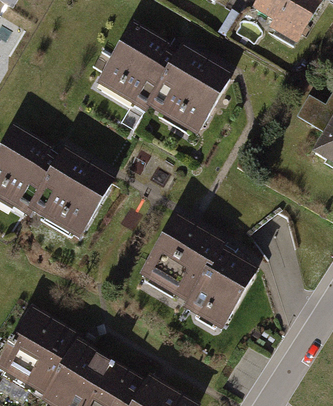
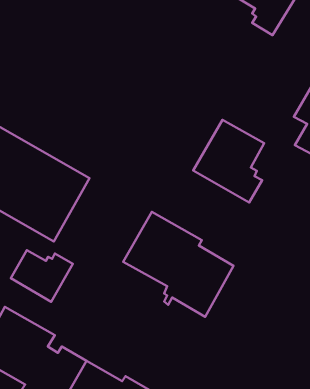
building: [102,23,229,124] -> none
building: none -> [193,120,264,203]
building: none -> [11,250,73,302]

